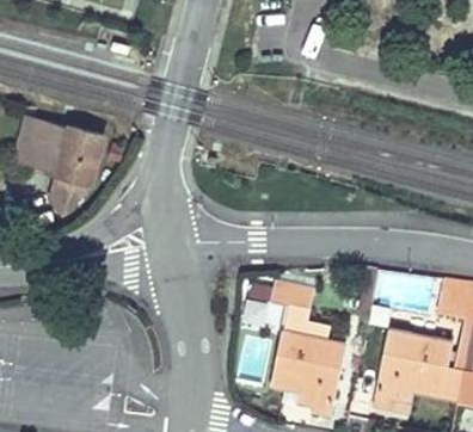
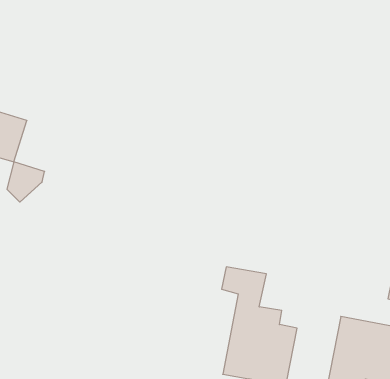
building: [59,129,104,183] -> none

